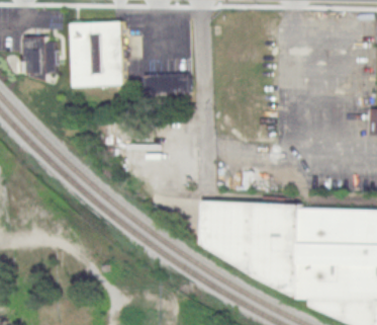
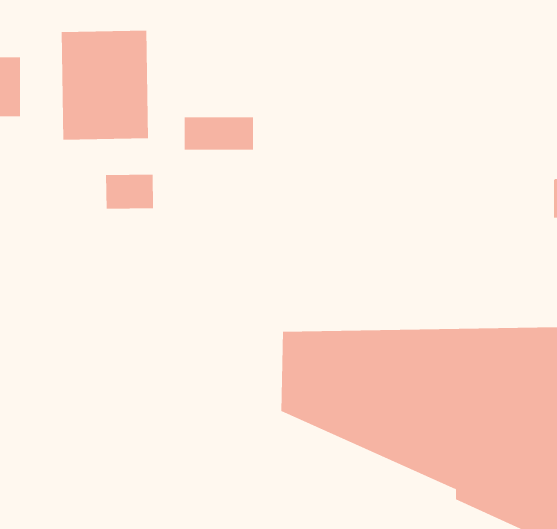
building: none -> [106,174,154,210]

